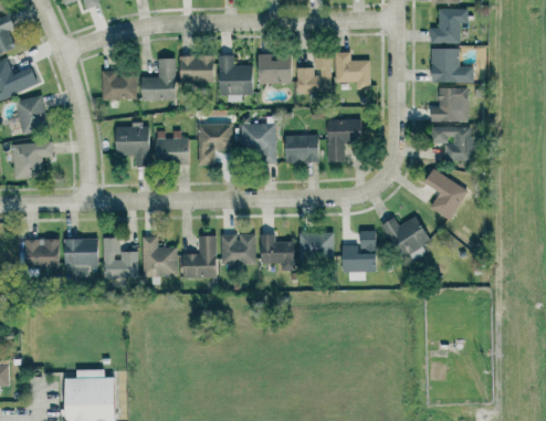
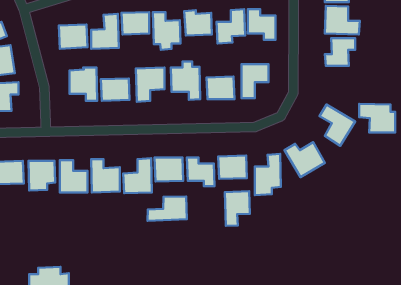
building: [431,126,475,161] -> [359,104,395,132]
building: none -> [225,191,250,226]
building: none -> [148,196,187,221]

